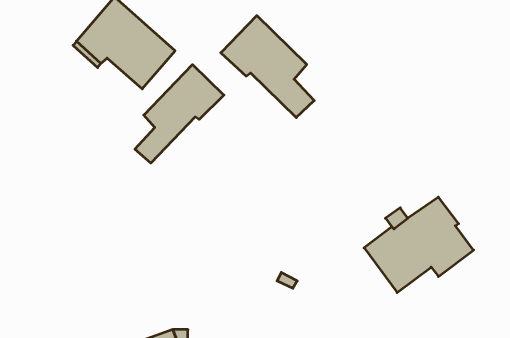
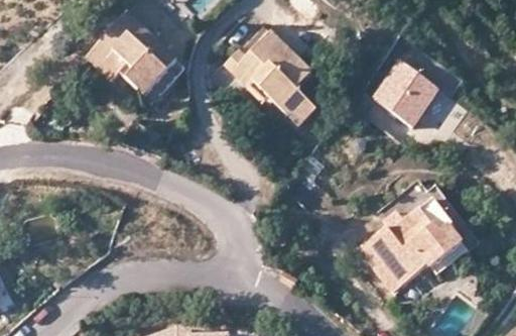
building: none -> [373,60,438,124]
building: [135,65,224,163] -> none

